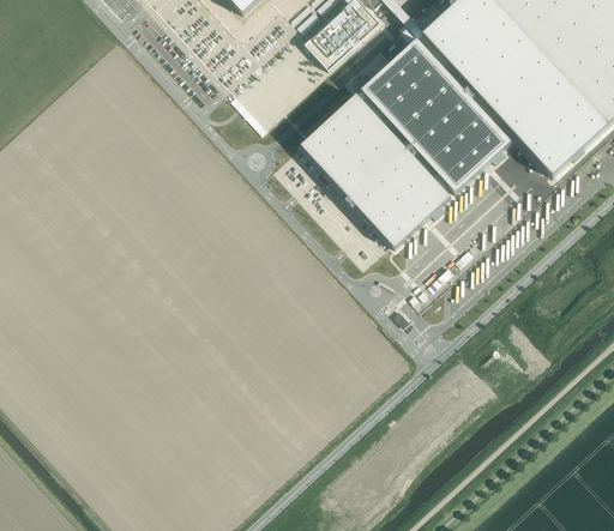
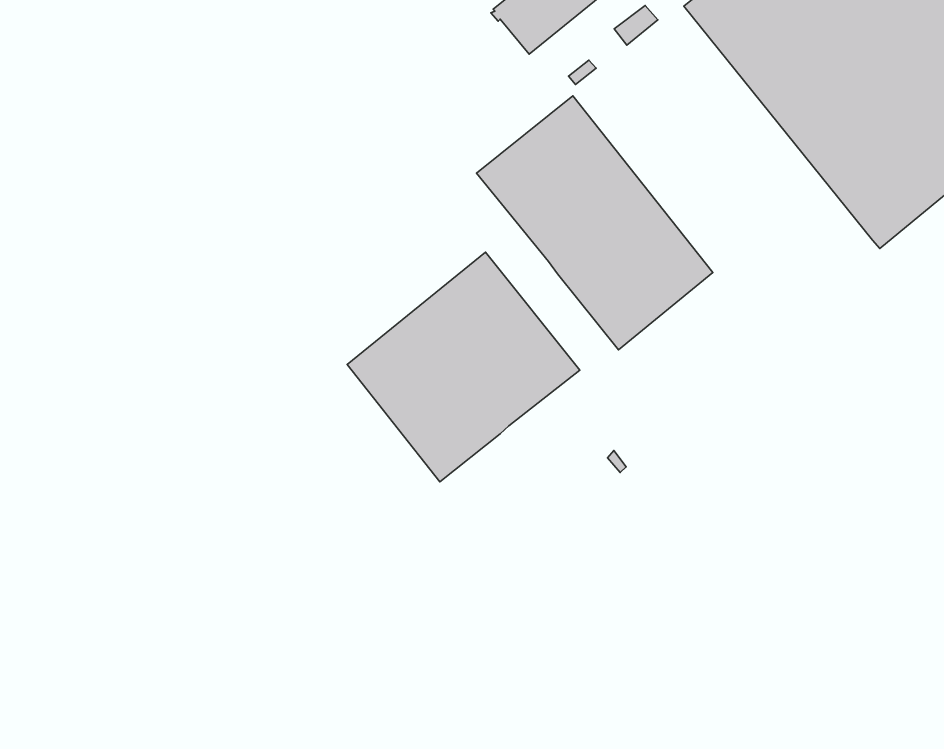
building: [361,37,512,192] -> none
building: none -> [347,252,580,482]

